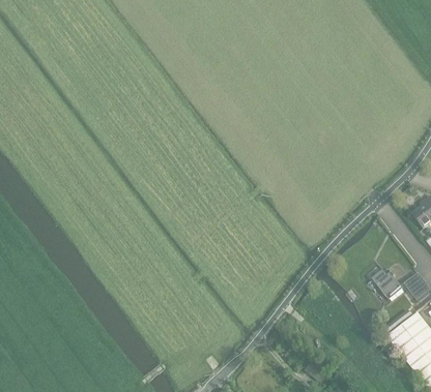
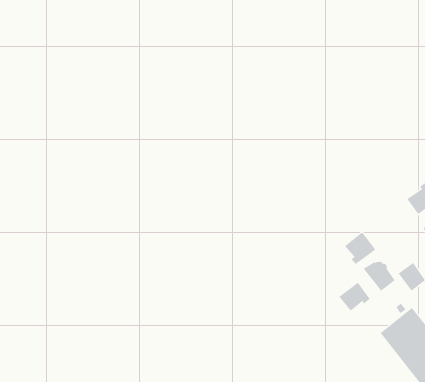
building: none -> [344,231,376,265]
building: none -> [339,282,370,312]

